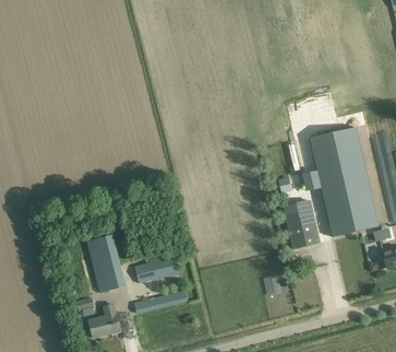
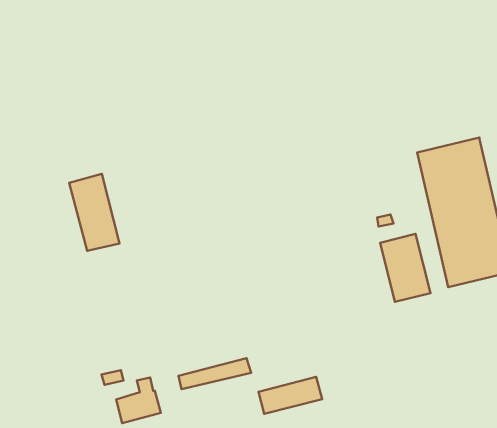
building: [87,235,124,292] -> [69,174,120,251]
building: [134,256,181,283] -> [258,377,322,414]

